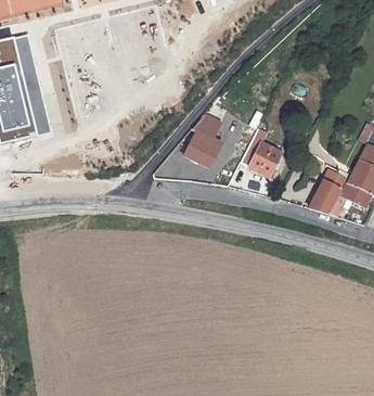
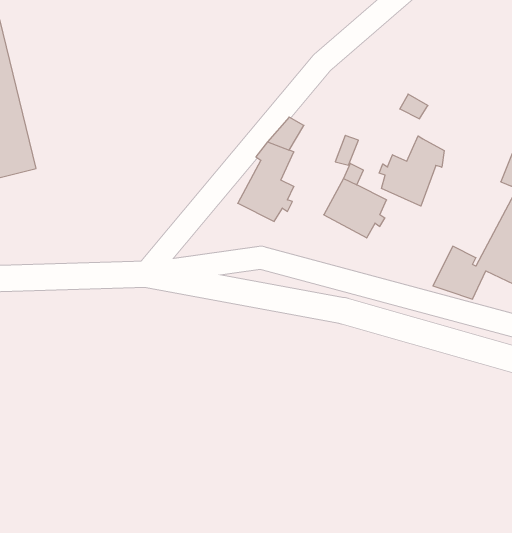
building: none -> [379,136,444,206]

